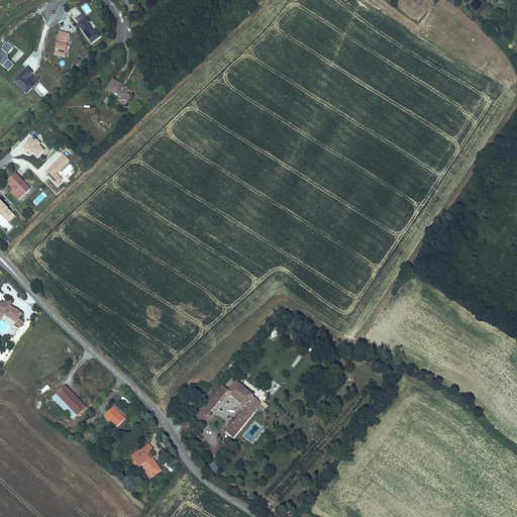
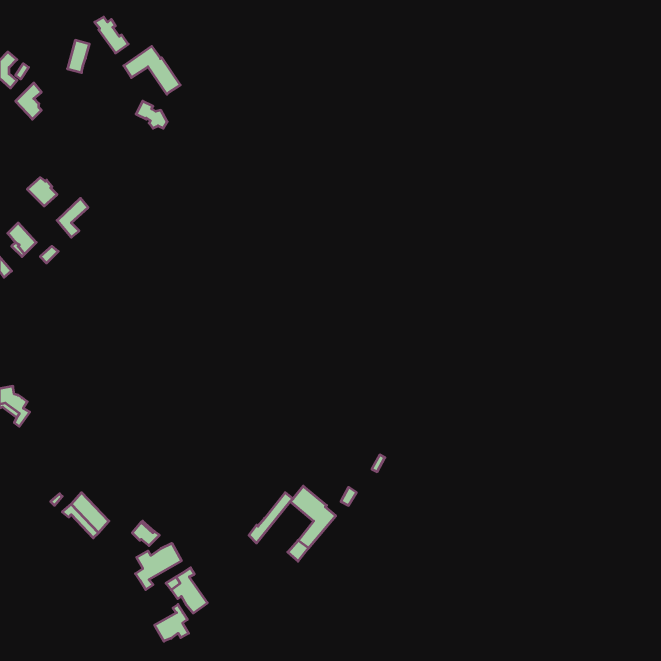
building: none -> [124,46,180,94]
building: none -> [135,543,181,590]
building: none -> [155,604,189,641]

